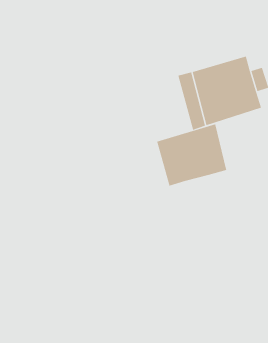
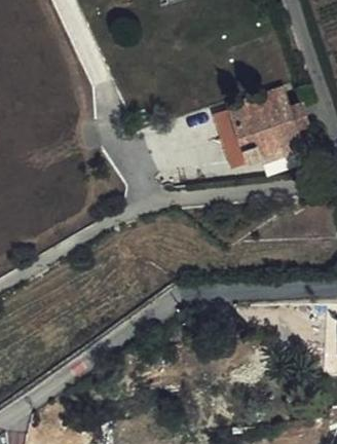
building: [157,124,227,186] -> none

